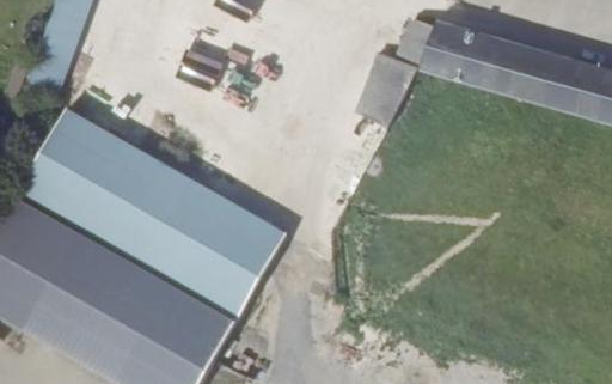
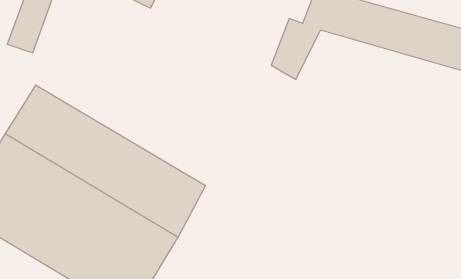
building: [54,108,287,262] -> none

